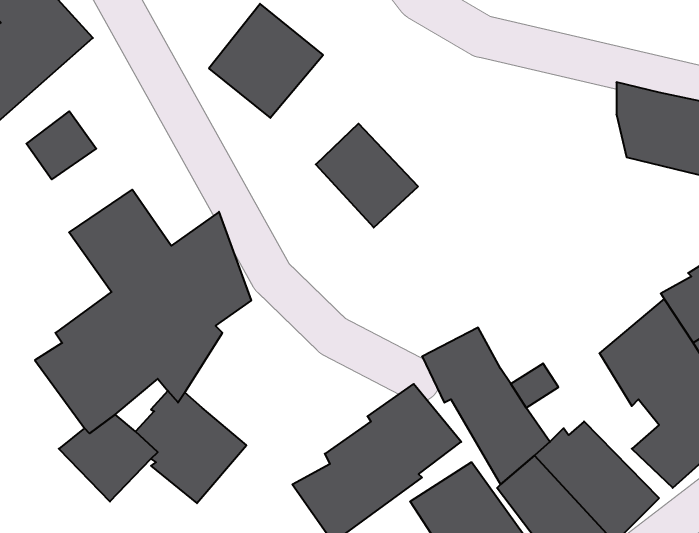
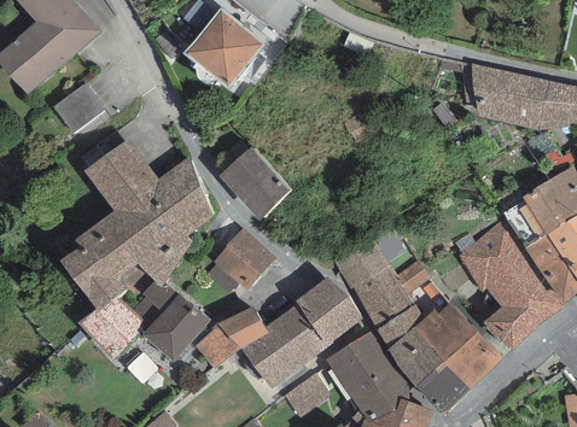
building: [316,124,418,228] -> [218,146,291,220]
building: none -> [208,229,275,292]
building: none -> [194,306,268,368]

